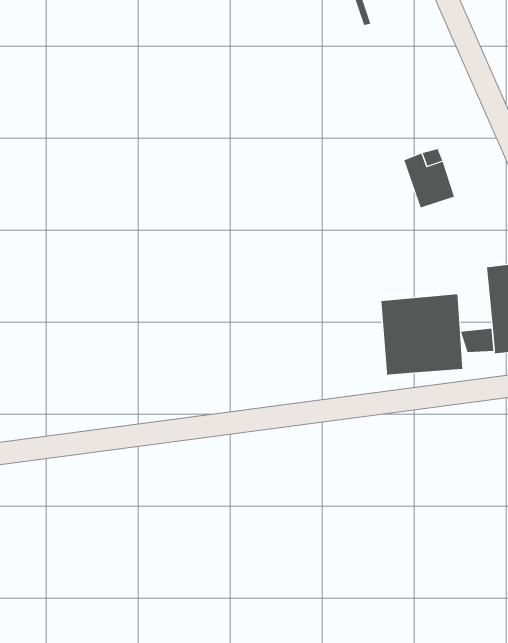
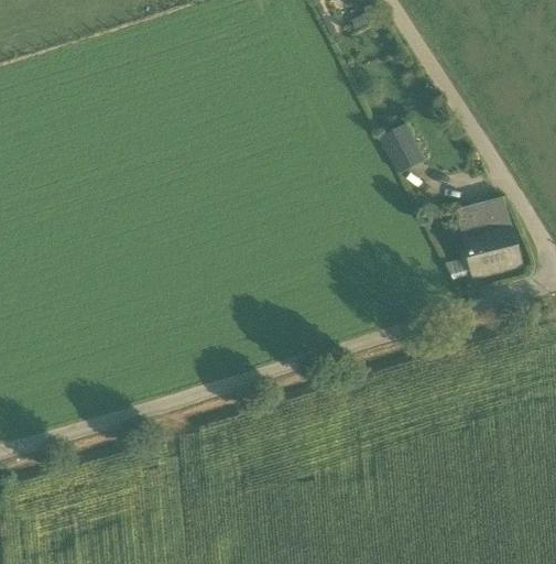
building: [381,293,463,376] -> none

